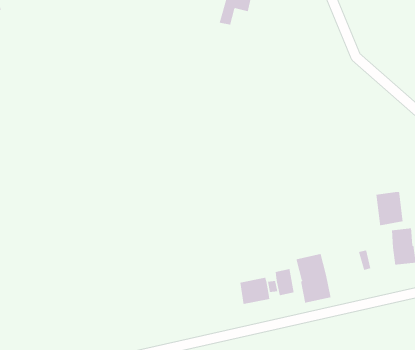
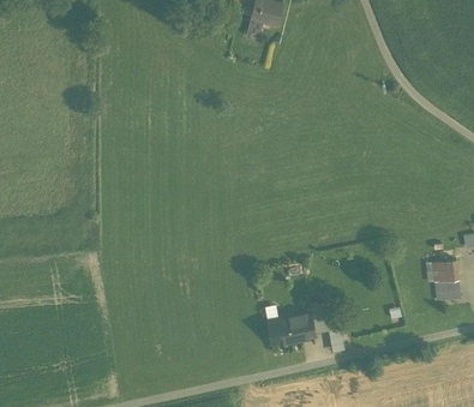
building: [376,191,403,226] -> none
building: [296,253,331,304] -> none

